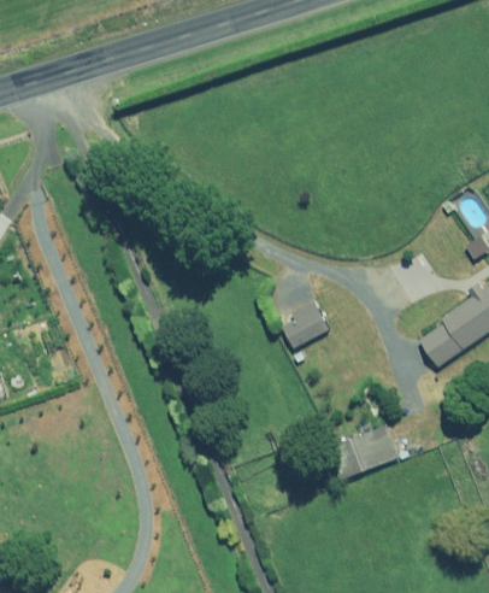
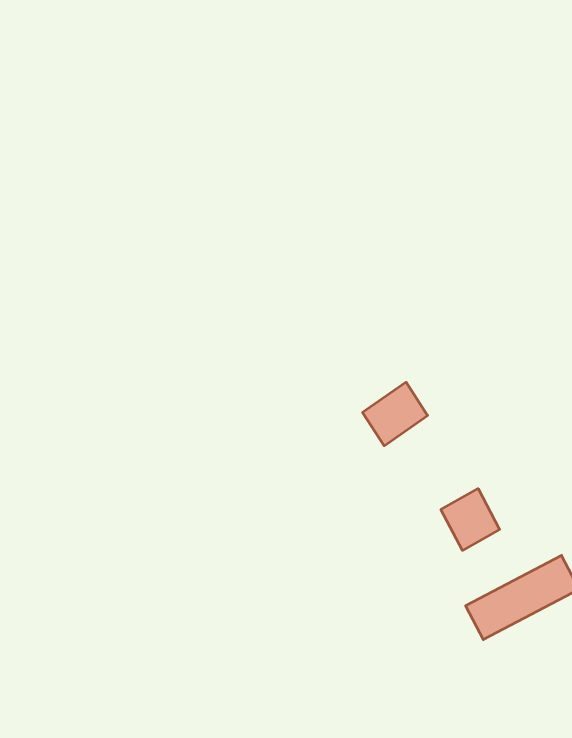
building: none -> [441,489,500,550]

